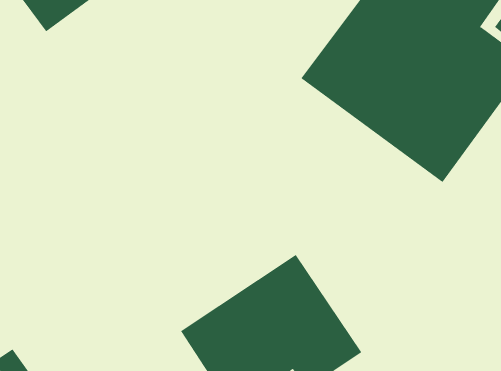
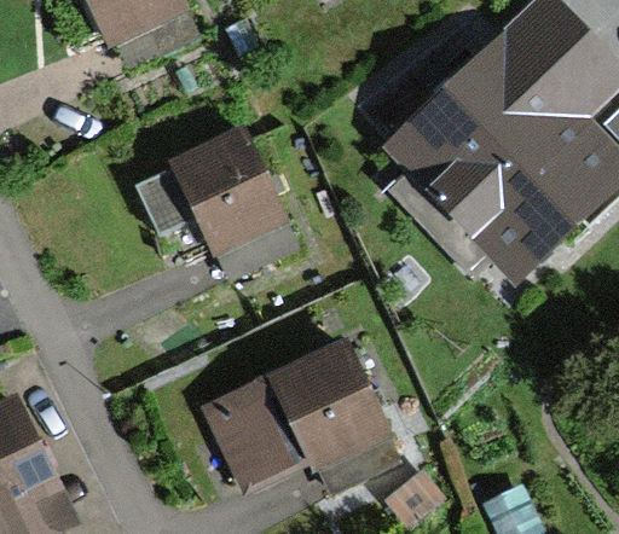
building: none -> [137,132,299,275]

